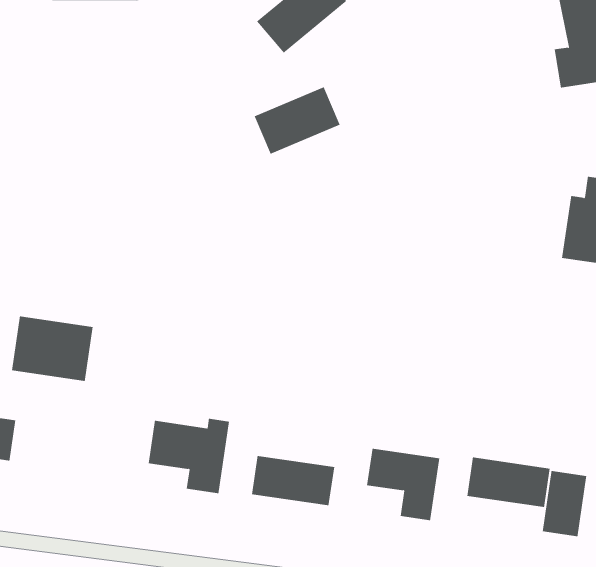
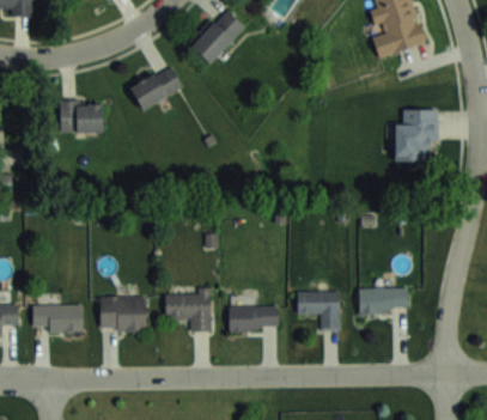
building: none -> [61,102,102,133]
building: [254,86,340,155] -> [130,65,183,110]
building: [11,316,94,382] -> [101,298,146,331]
building: [542,470,587,537] -> none

